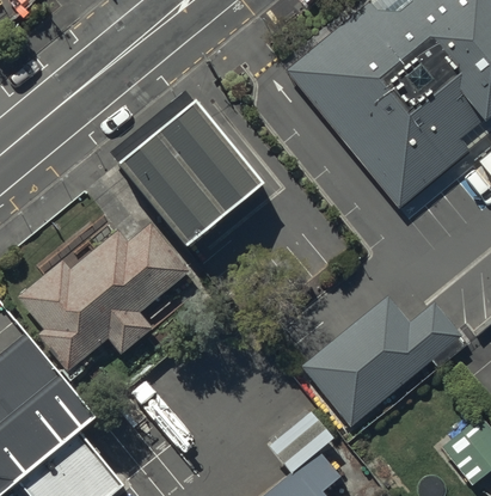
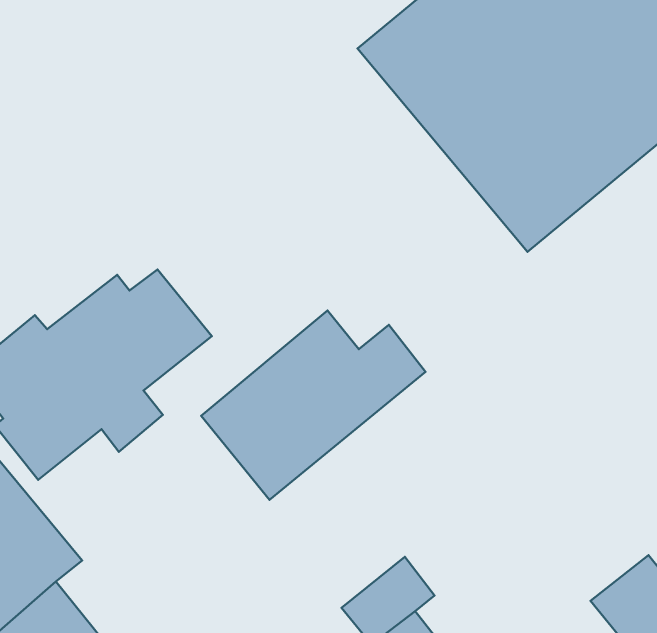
building: [113,88,270,246] -> none
building: [302,296,455,425] -> [201,311,426,500]

